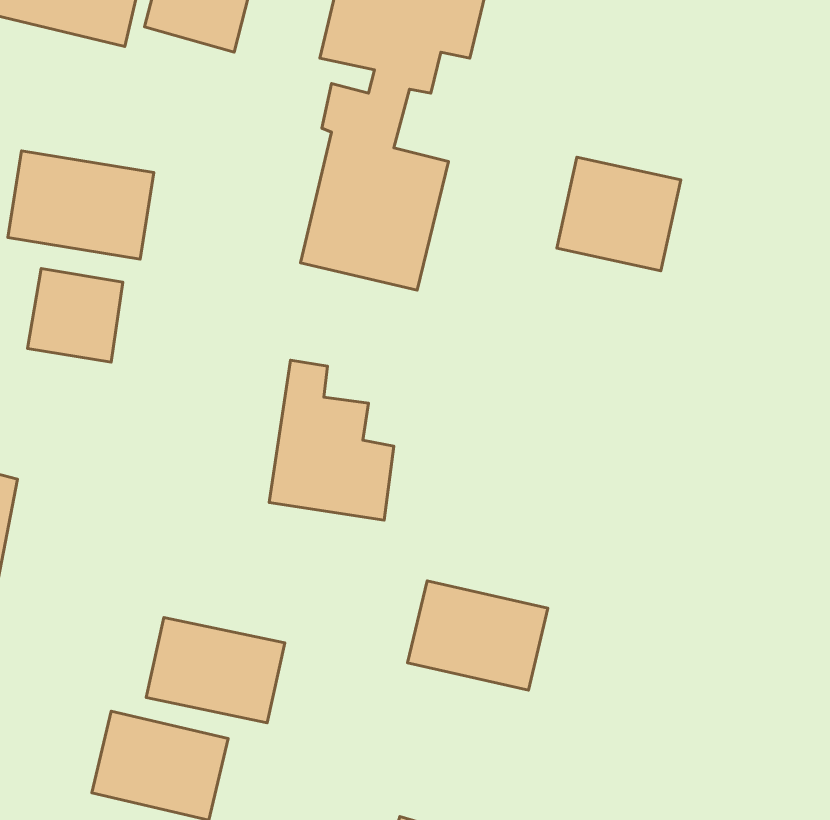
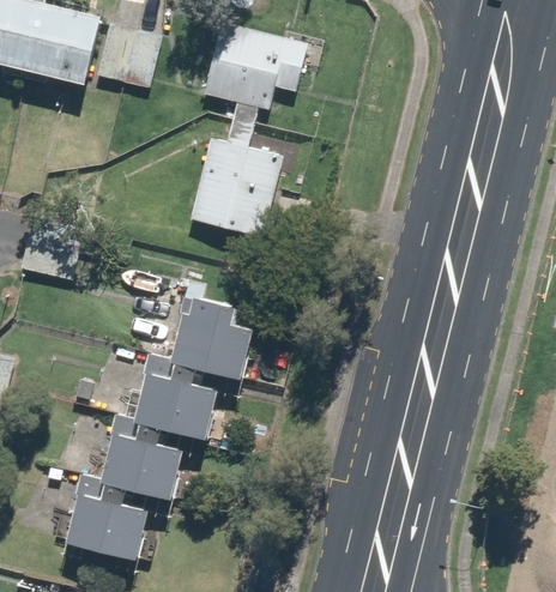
building: [8,151,154,259] -> none
building: [557,157,681,271] -> none
building: [408,581,548,690] -> [131,374,217,441]

